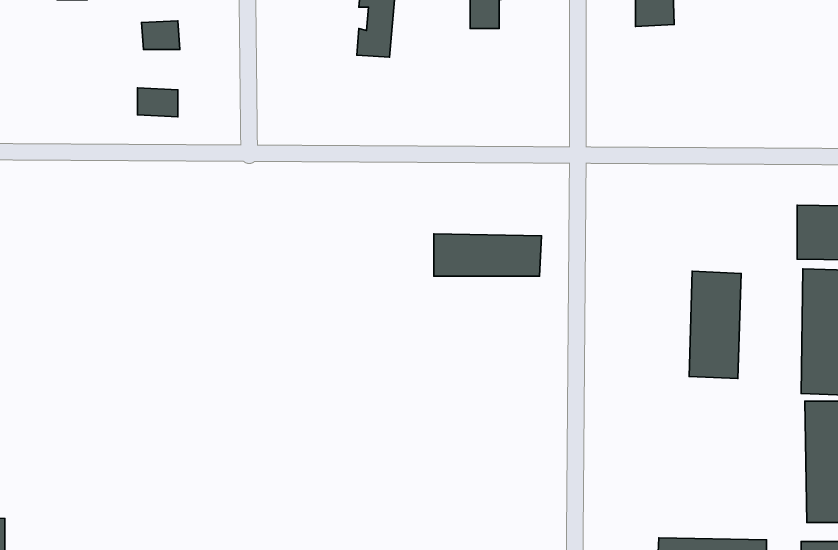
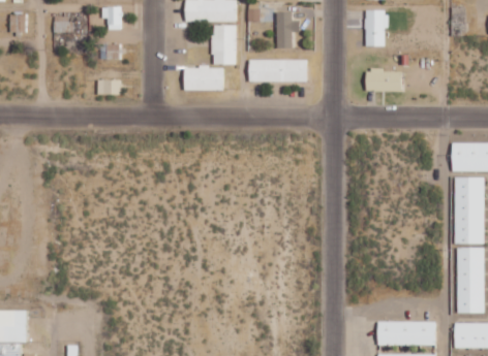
building: none -> [184,67,216,90]
building: none -> [364,69,401,91]
building: [434,234,542,276] -> [249,59,307,82]
building: [689,271,741,378] -> none

